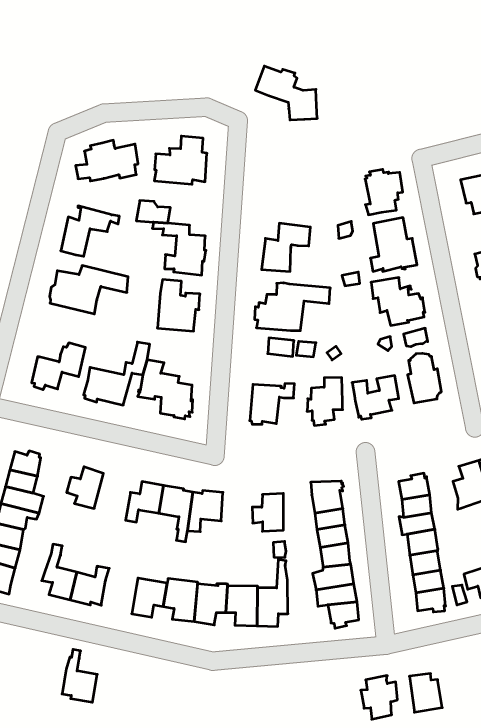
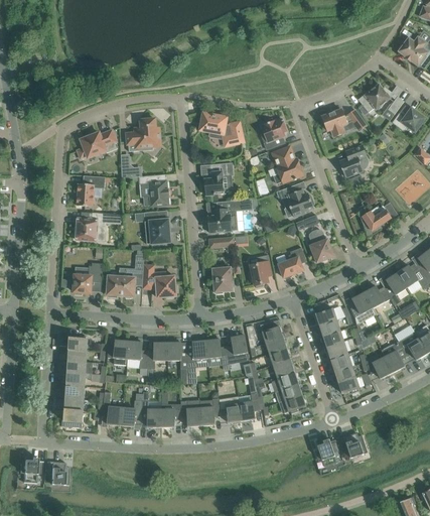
building: [255,66,317,120] -> [200,113,243,144]
building: none -> [126,341,147,375]
building: none -> [205,339,229,364]
building: [62,649,97,702] -> [141,395,161,426]

